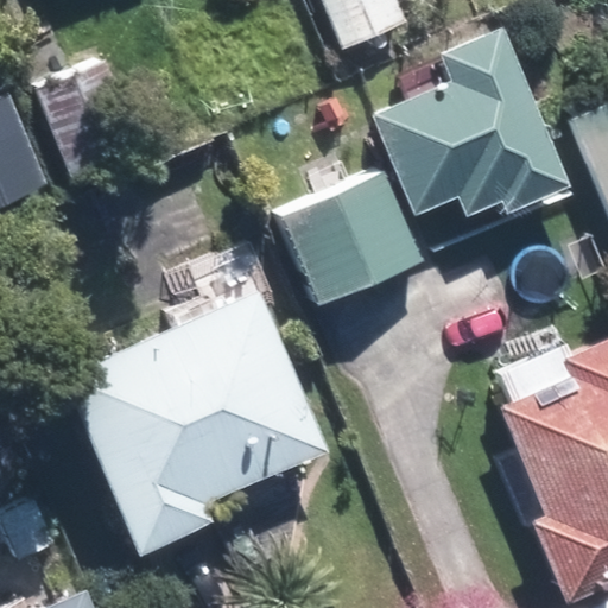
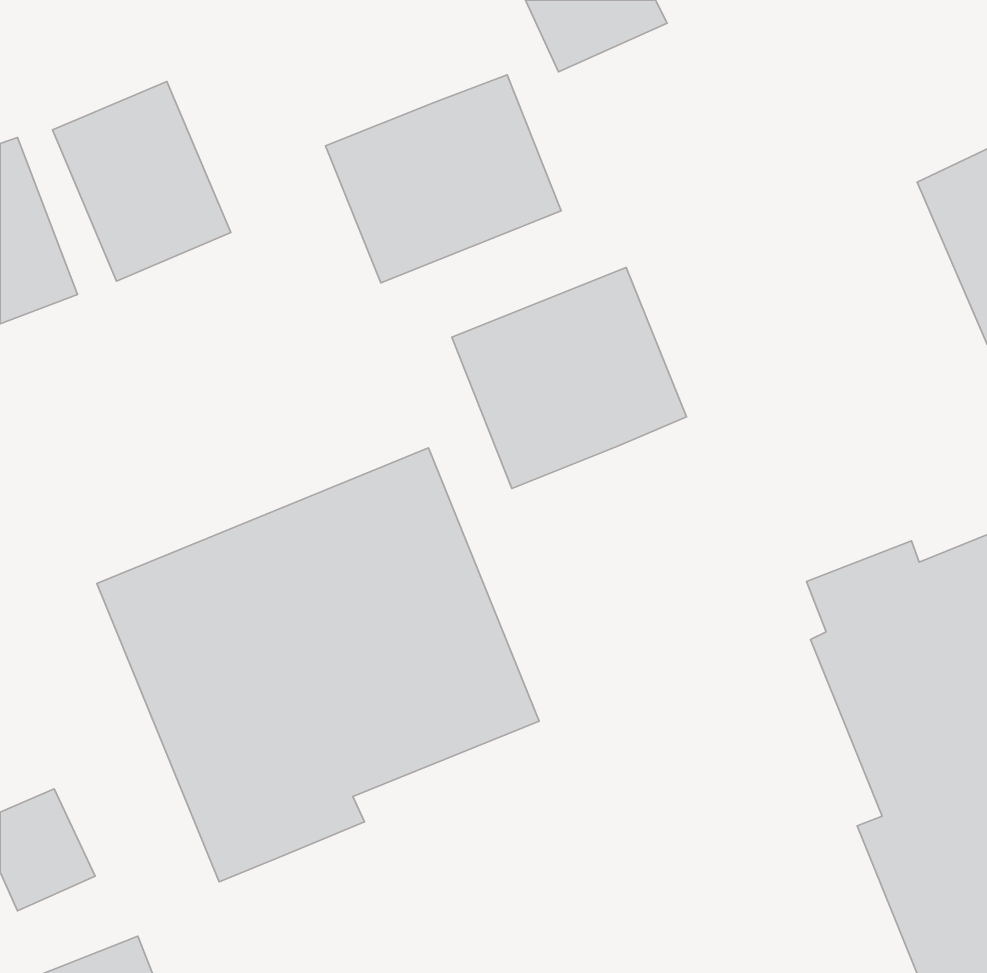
building: [369,24,574,216] -> none
building: none -> [326,75,561,283]

